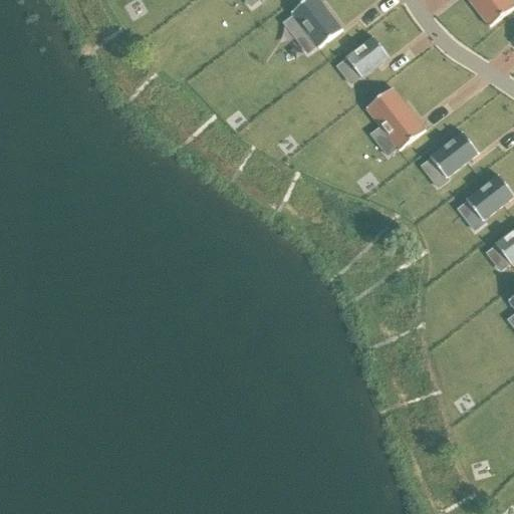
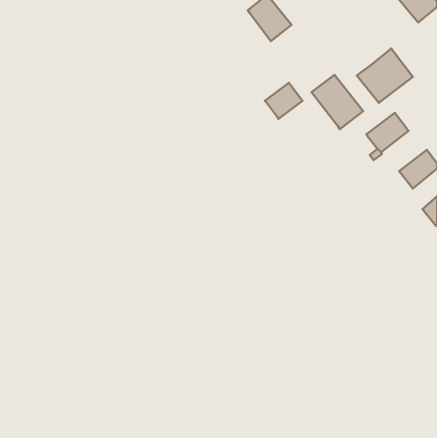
building: [343,36,388,78] -> [265,83,303,119]
building: none -> [357,49,413,103]

